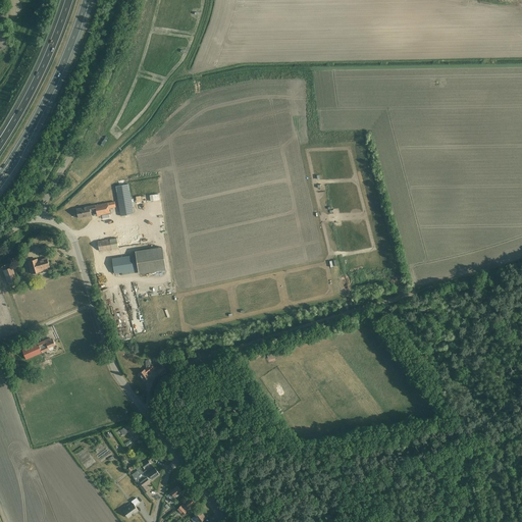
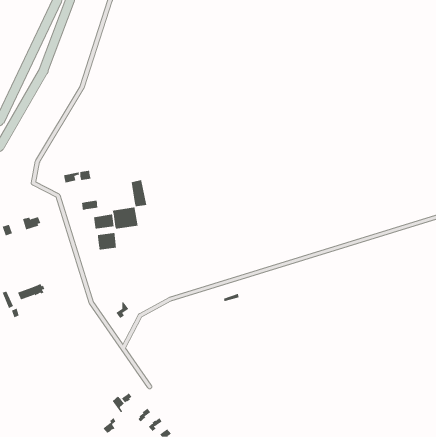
building: [114,184,134,216] -> [131,180,147,207]
building: none -> [97,232,117,251]

